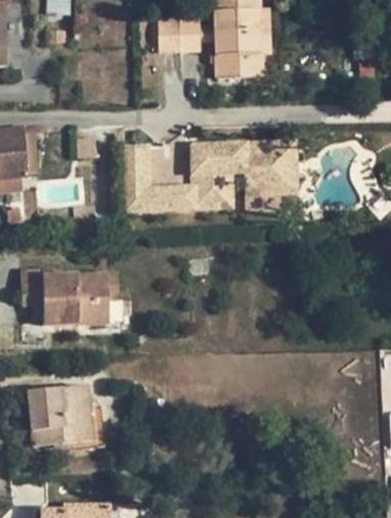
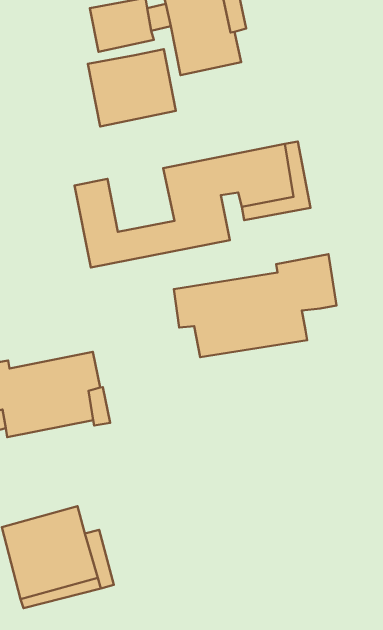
building: none -> [88,49,176,127]
building: none -> [174,254,336,357]

